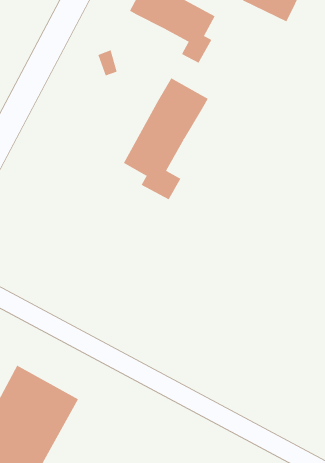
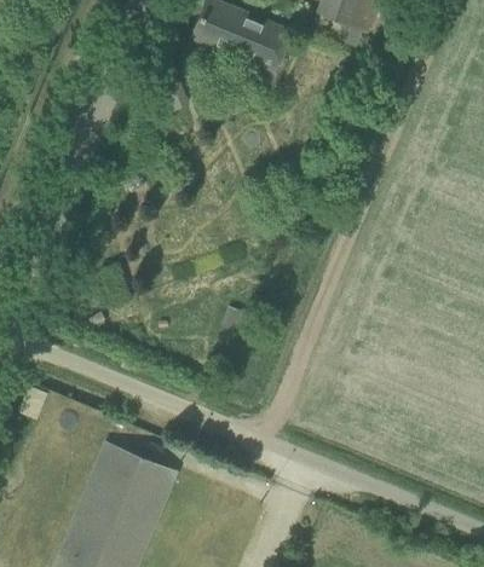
building: [123,78,208,200] -> none

